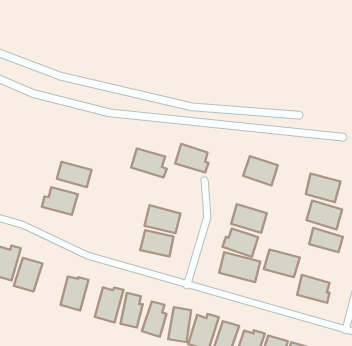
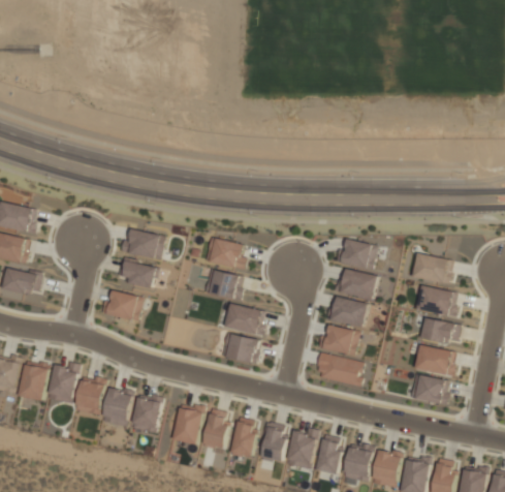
building: none -> [121,229,164,259]
building: [175,144,209,172] -> [203,269,243,301]
building: none -> [336,268,377,300]
building: [264,249,300,277] -> [414,345,455,376]
building: none -> [101,387,133,427]

